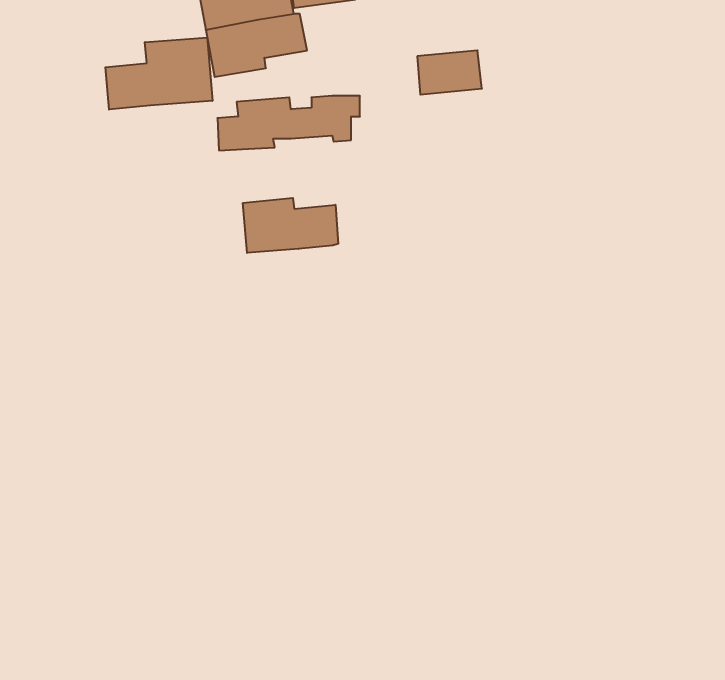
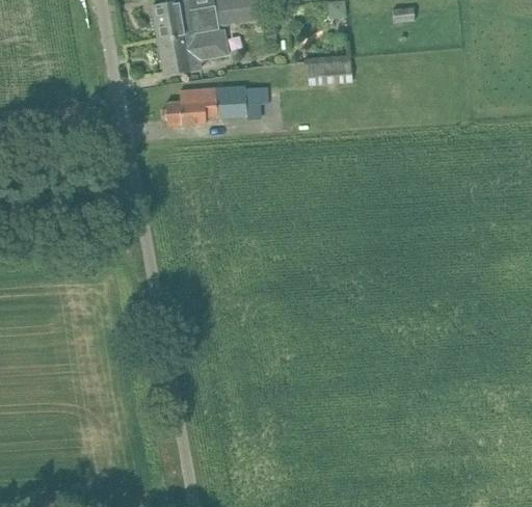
building: [105,38,212,110] -> none
building: [243,198,338,253] -> none

